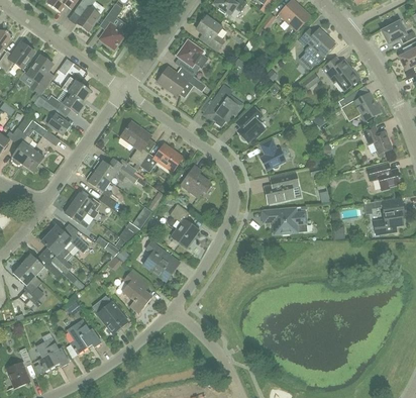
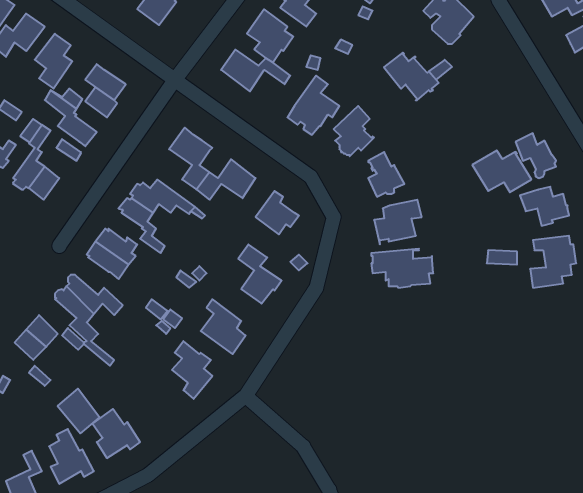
building: [322,57,360,90] -> [384,53,439,100]
building: [338,91,380,120] -> [472,150,531,192]
building: [98,301,127,332] -> [58,389,99,433]

